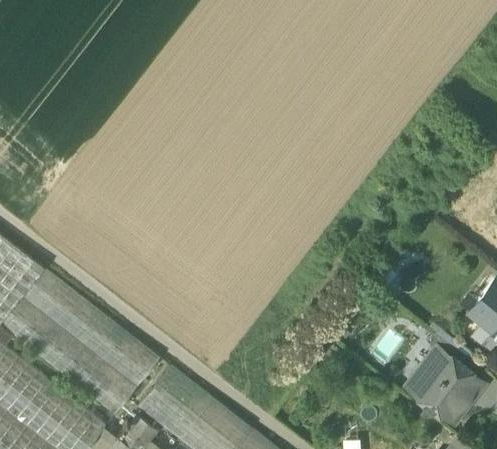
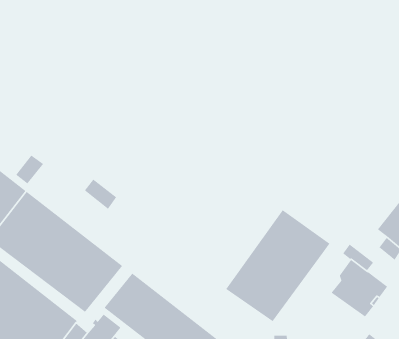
building: none -> [15,154,44,185]
building: none -> [84,179,117,210]
building: none -> [225,209,330,322]

